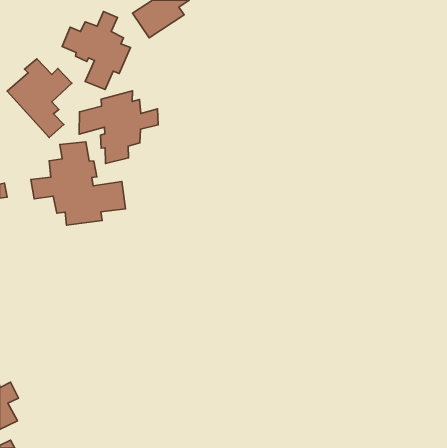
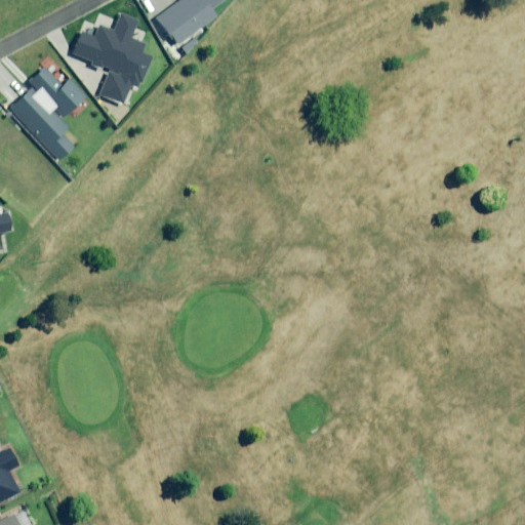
building: [79,91,158,163] -> none
building: [31,142,126,225] -> none

